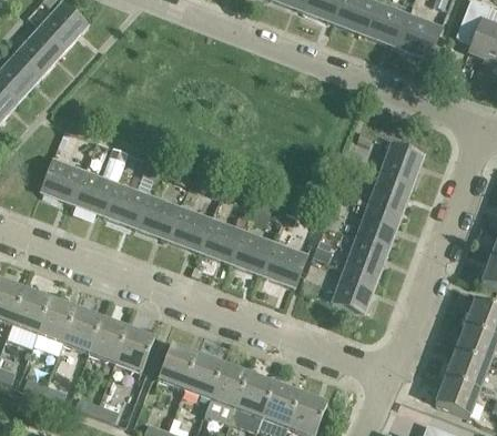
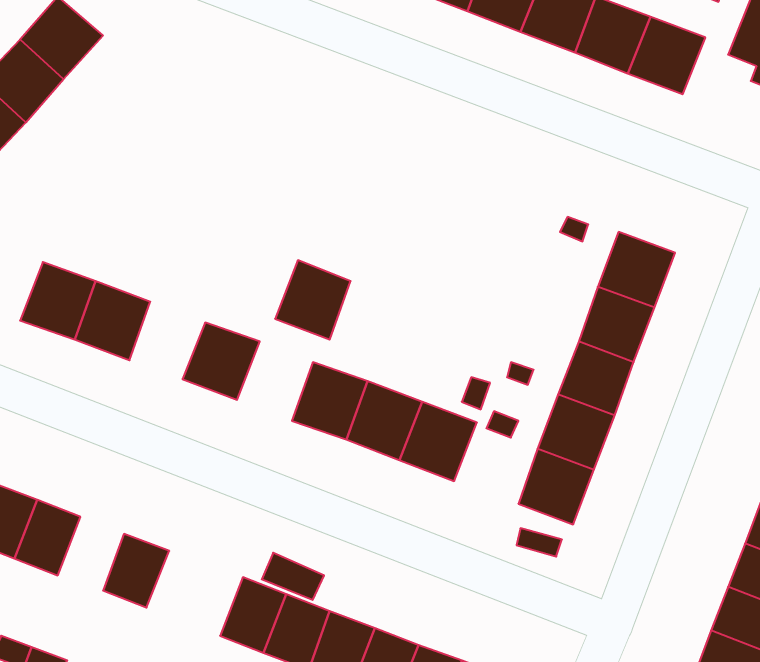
building: [103,182,148,227] -> none
building: [166,205,211,252] -> [275,260,351,340]
building: [61,308,100,352] -> none
building: [113,328,152,372] -> none

